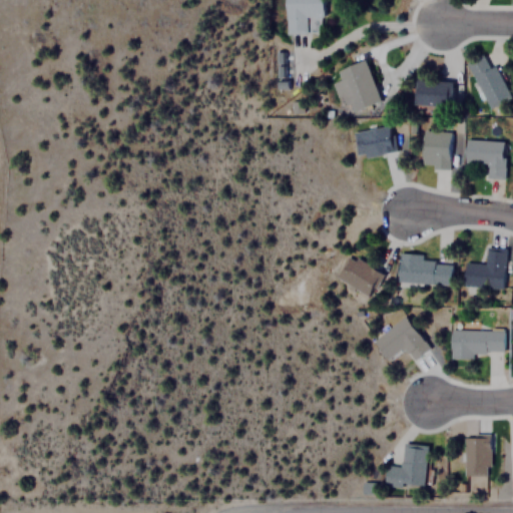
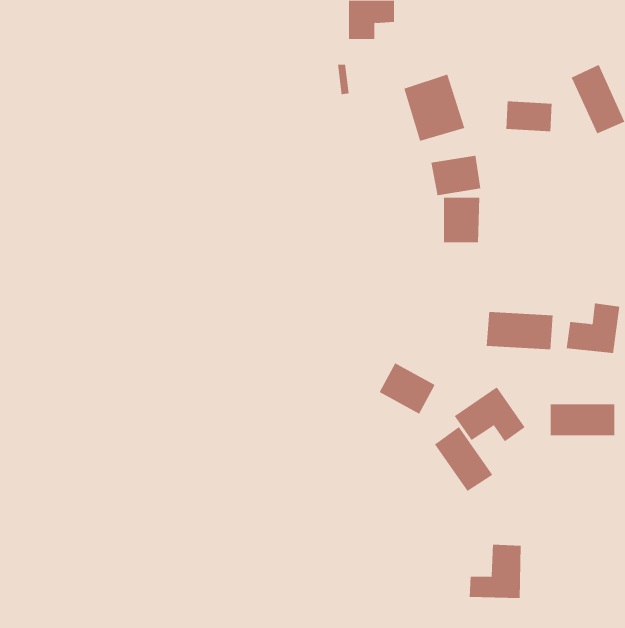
building: [422,132,452,169] -> [443,197,480,243]
building: [466,140,507,179] -> none
building: [338,254,384,297] -> [379,363,435,414]
building: none -> [434,426,493,492]
building: [465,434,493,476] -> none

